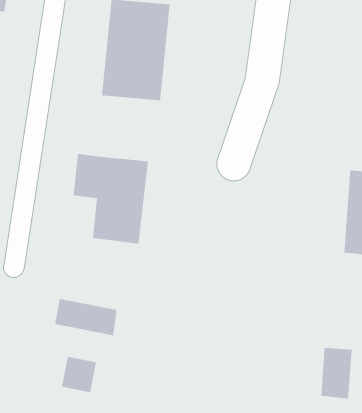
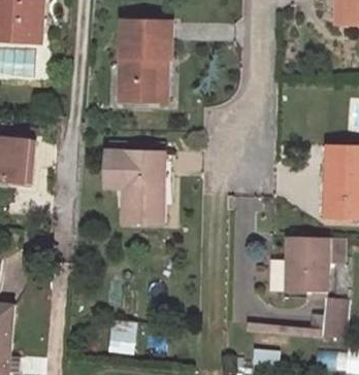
building: none -> [296,240,337,296]
building: [54,298,117,336] -> none

